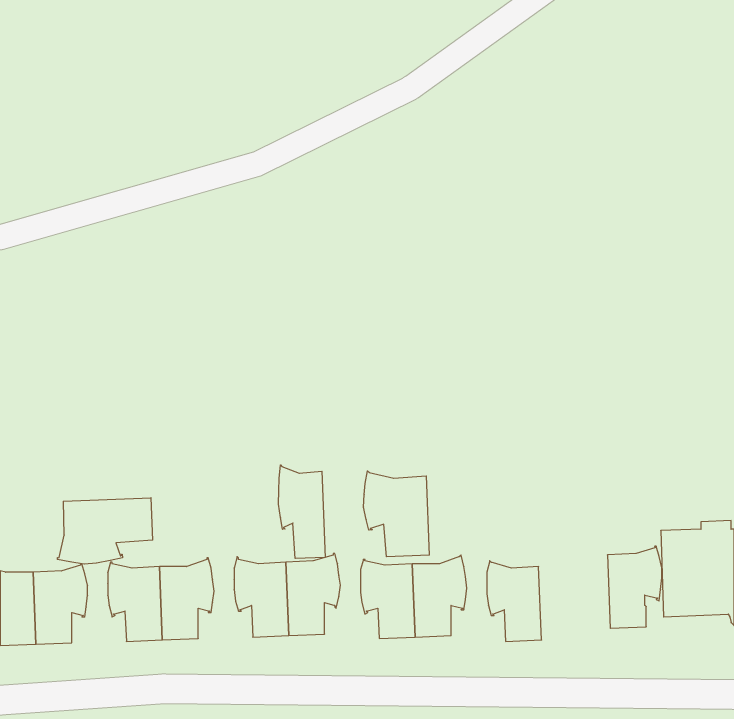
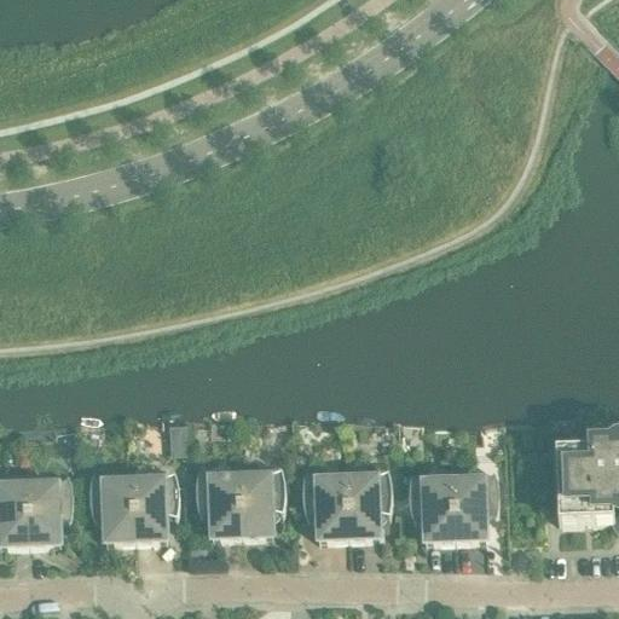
building: [278,465,325,558] -> none
building: [364,471,429,557] -> none
building: [57,498,153,564] -> none
building: [607,546,662,628] -> [453,469,499,538]

